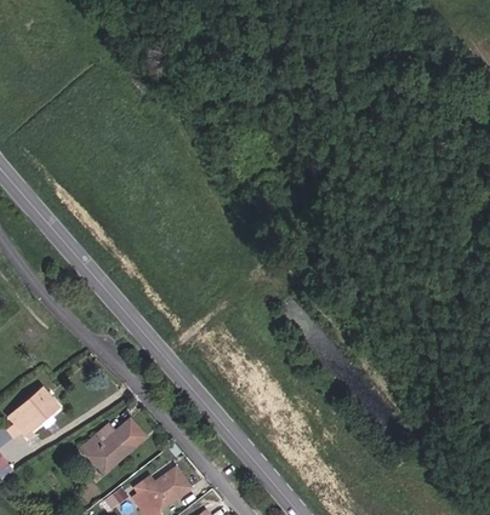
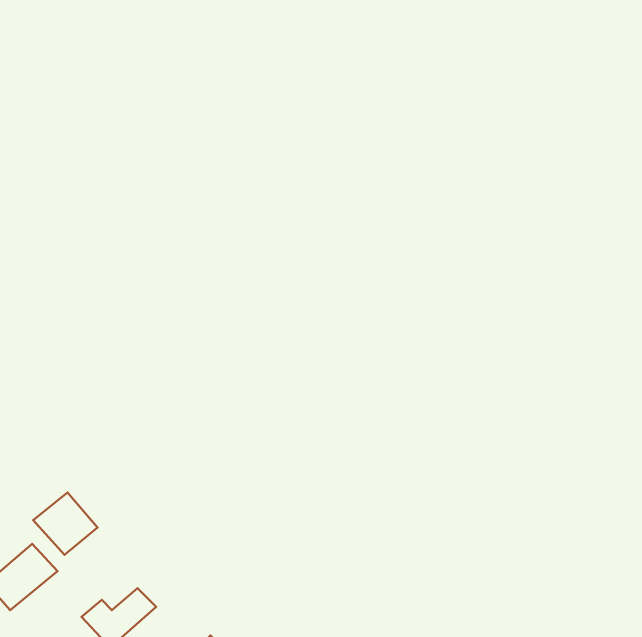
building: none -> [33,493,97,555]

